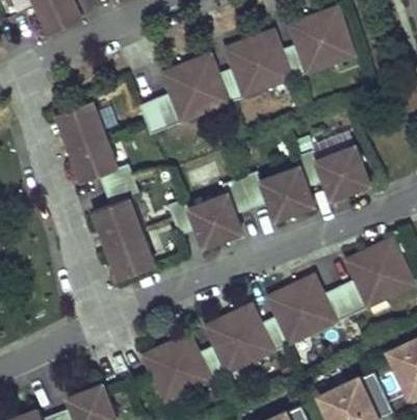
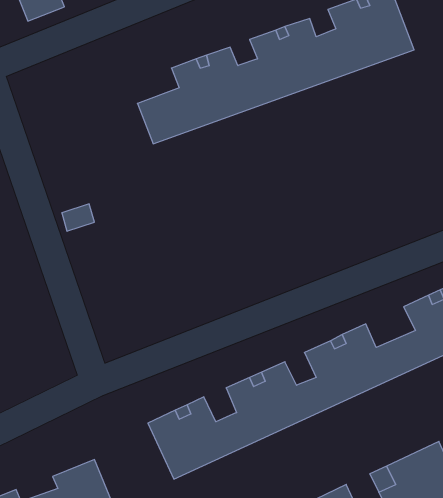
building: [55,97,154,280] -> none
building: [168,147,369,250] -> none

